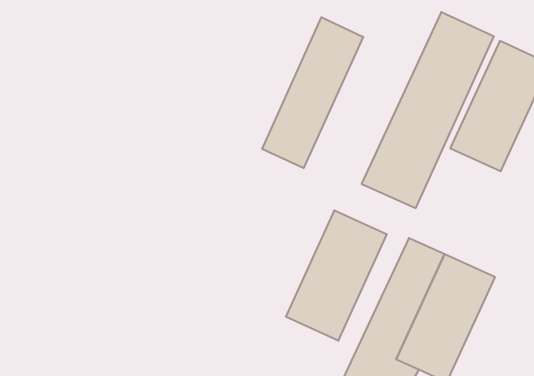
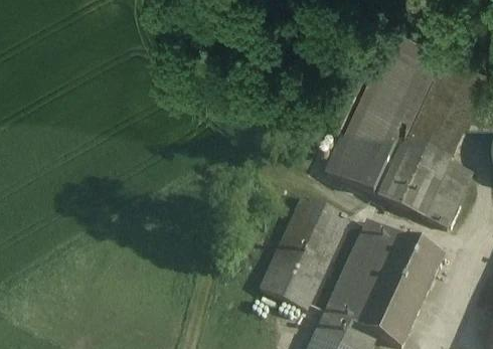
building: [262,17,363,168] -> none
building: none -> [378,141,471,226]

